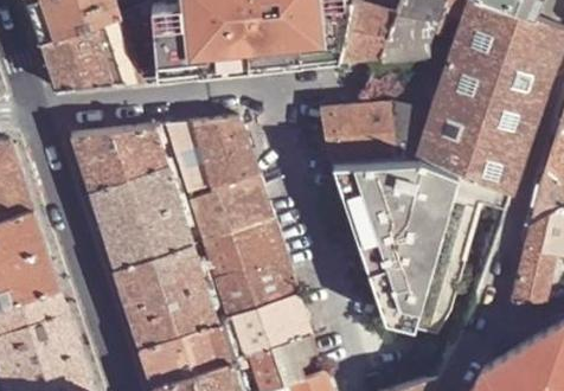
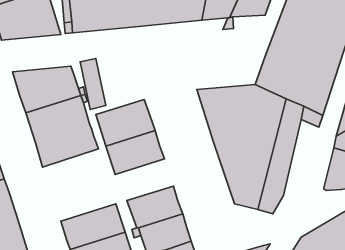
building: [323,102,430,159] -> none
building: [194,117,258,186] -> none
building: [114,243,218,346] -> none
building: [217,257,300,318] -> none

